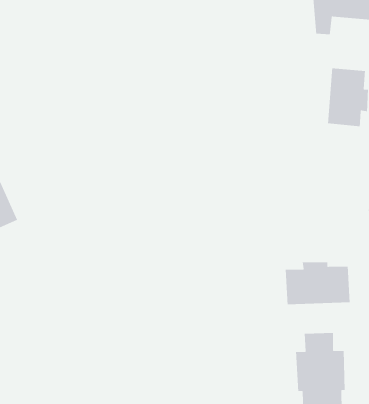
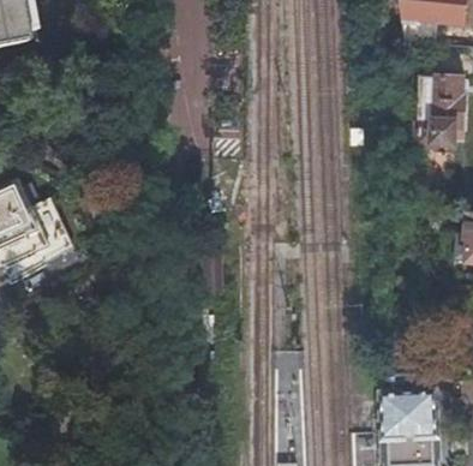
building: [285,262,350,305] -> none

